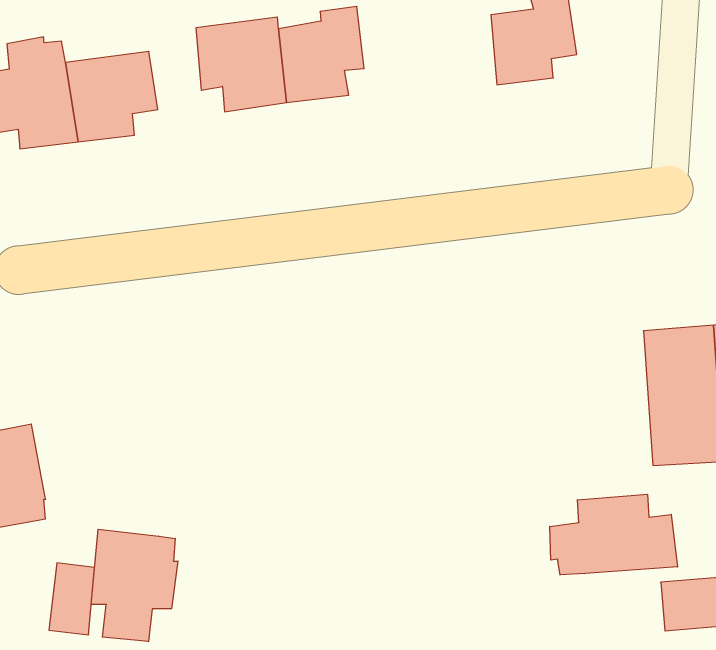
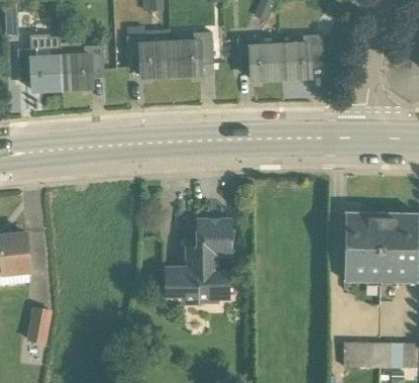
building: none -> [238,38,282,80]
building: none -> [165,218,232,305]
building: [550,494,678,575] -> none
building: [91,529,178,642] -> none

